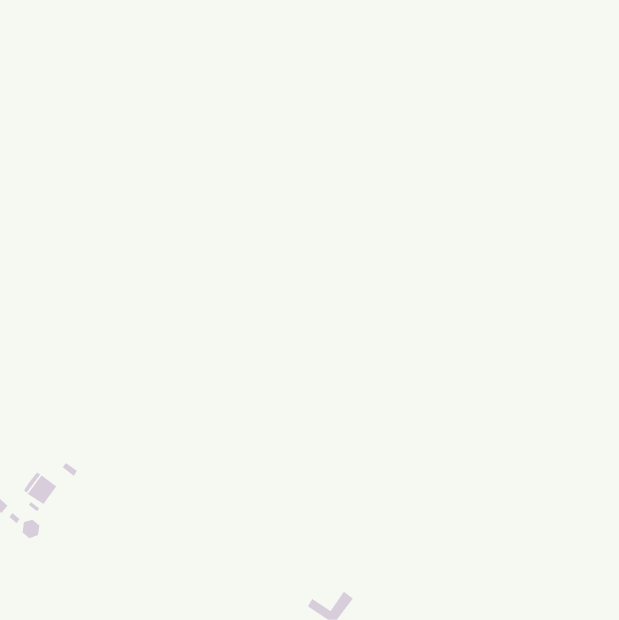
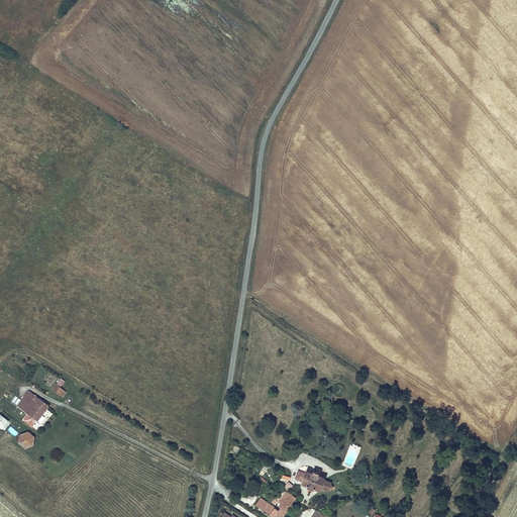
building: none -> [295,471,331,491]

